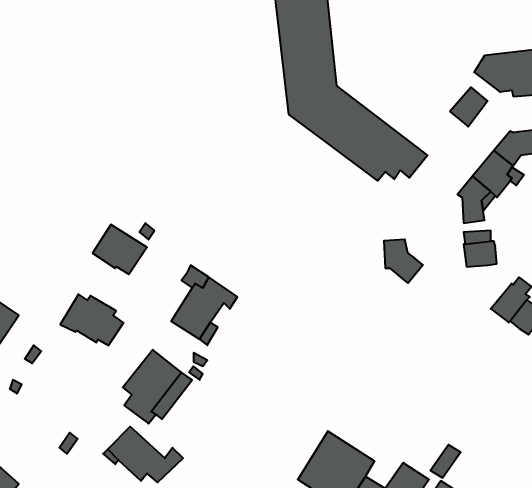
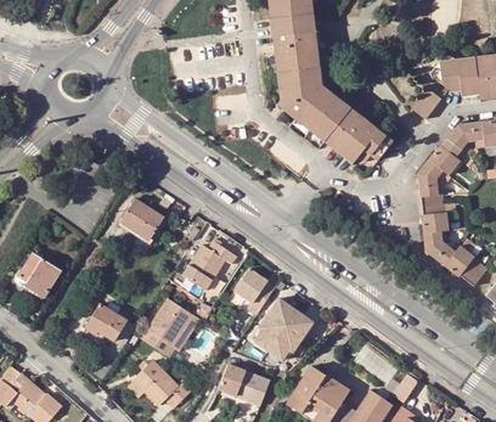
building: [384,239,423,283] -> [423,231,455,266]
building: [60,294,124,345] -> [85,303,136,344]
building: none -> [232,269,272,315]
building: none -> [255,296,316,358]
building: none -> [219,364,270,405]

